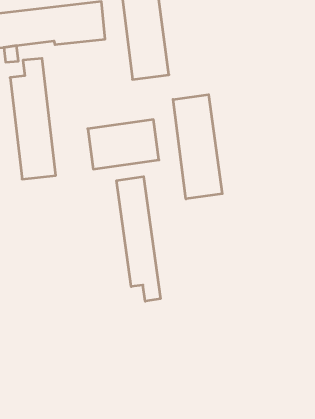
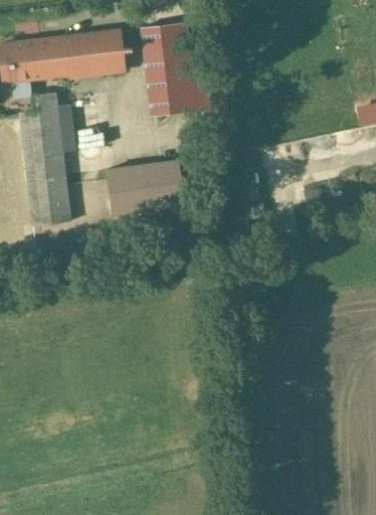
building: [173,95,222,199] -> none
building: [117,177,160,301] -> none

